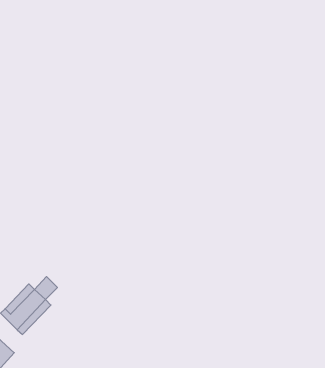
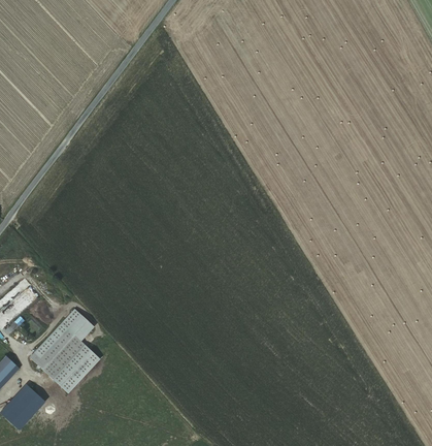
building: none -> [55,348,97,391]

